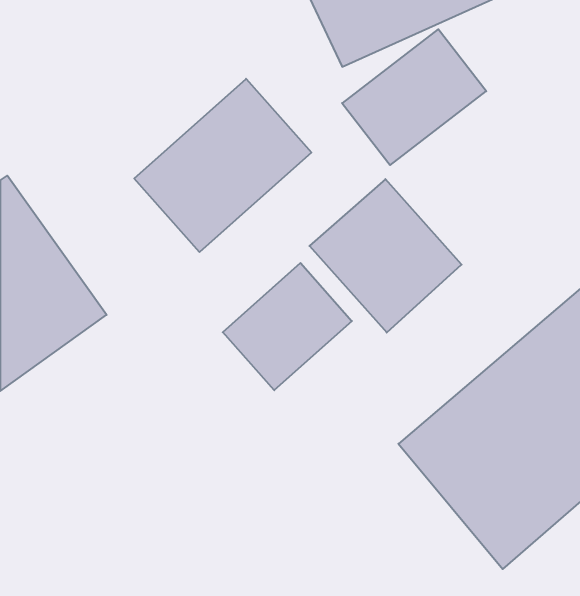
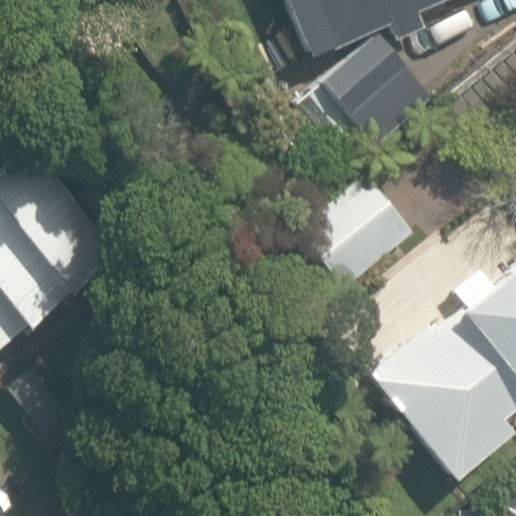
building: [134,79,311,252] -> none
building: [223,263,352,390] -> none

